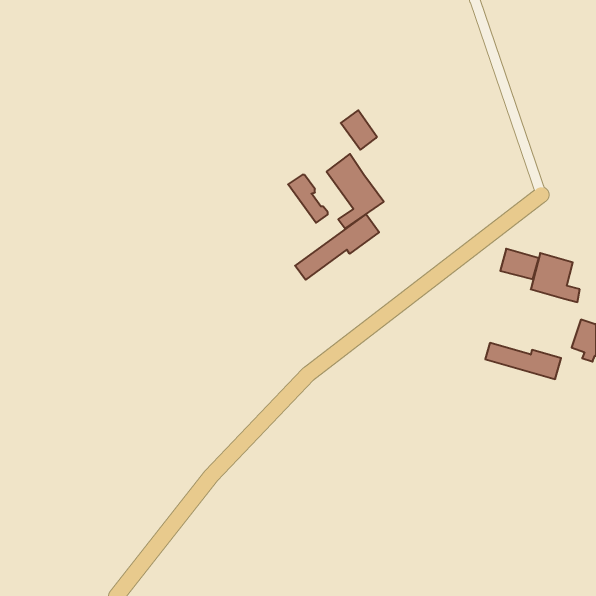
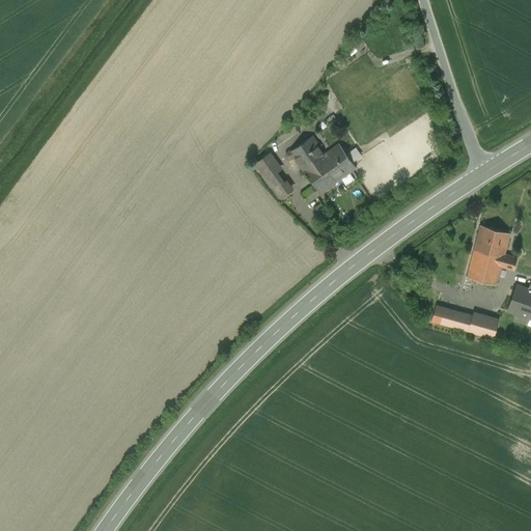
building: [341,110,377,150] -> [324,144,356,179]
building: [295,214,379,280] -> none
building: [500,249,539,279] -> [467,257,501,284]

